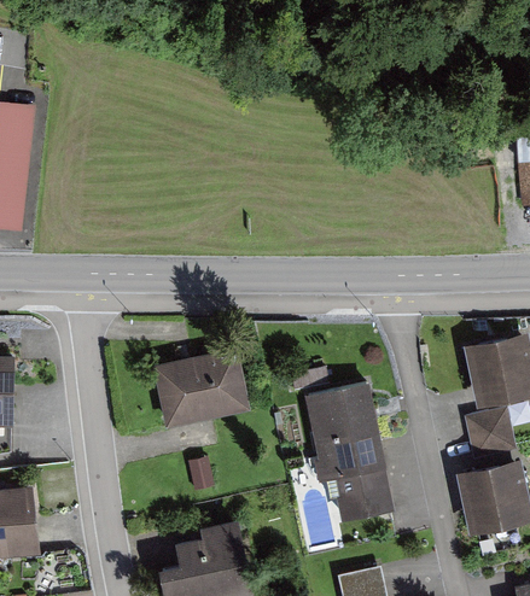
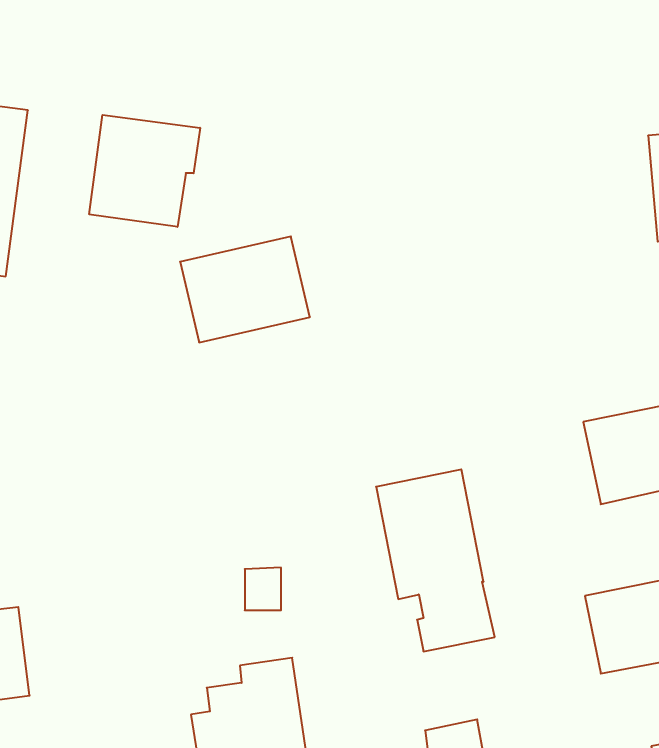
building: none -> [89,115,200,227]
building: [150,346,249,427] -> [180,236,310,342]
building: [462,407,513,455] -> none

